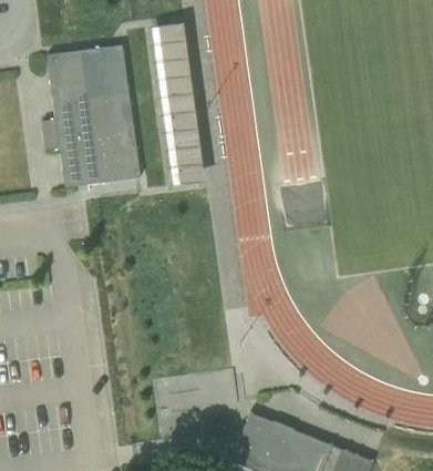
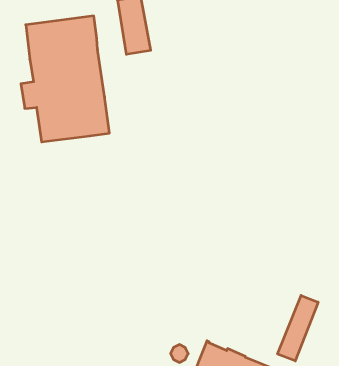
building: [162,101,202,183] -> none
building: none -> [278,295,318,361]

